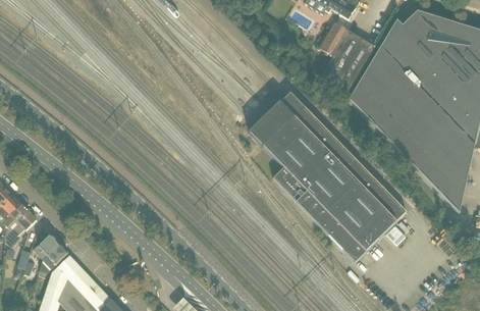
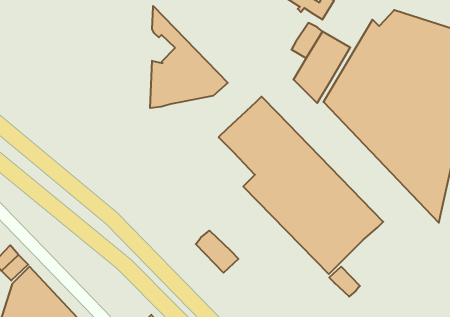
building: none -> [150,6,228,108]
building: none -> [196,231,238,273]
building: none -> [329,267,360,297]

